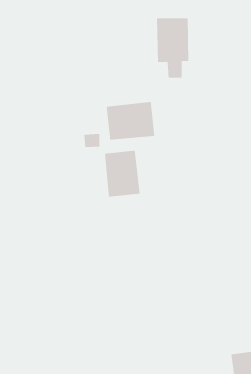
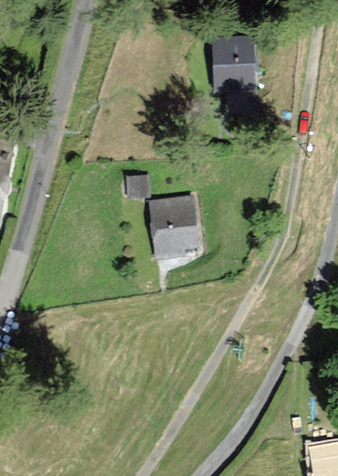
building: [106,101,155,141] -> none

